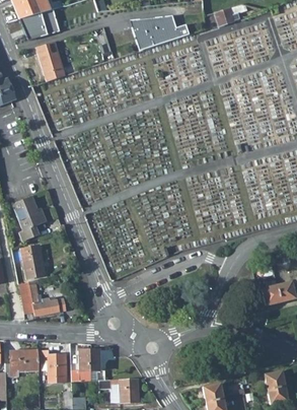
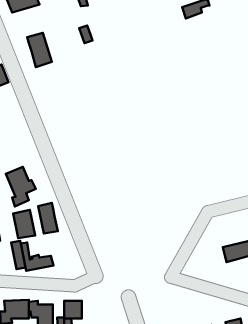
building: [19,8,59,40] -> none
building: [129,15,190,51] -> none
building: none -> [38,203,58,233]

